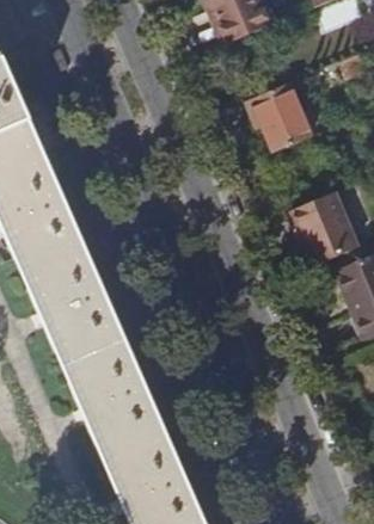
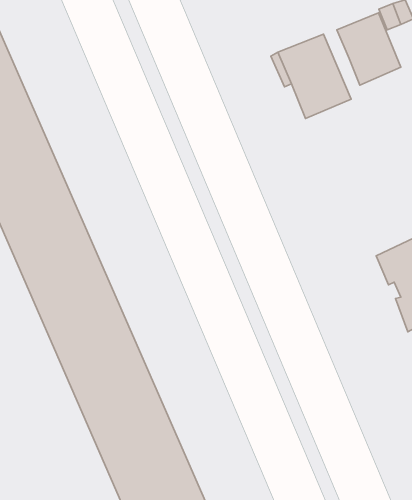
building: none -> [337,13,401,85]
building: [292,192,358,265] -> none

